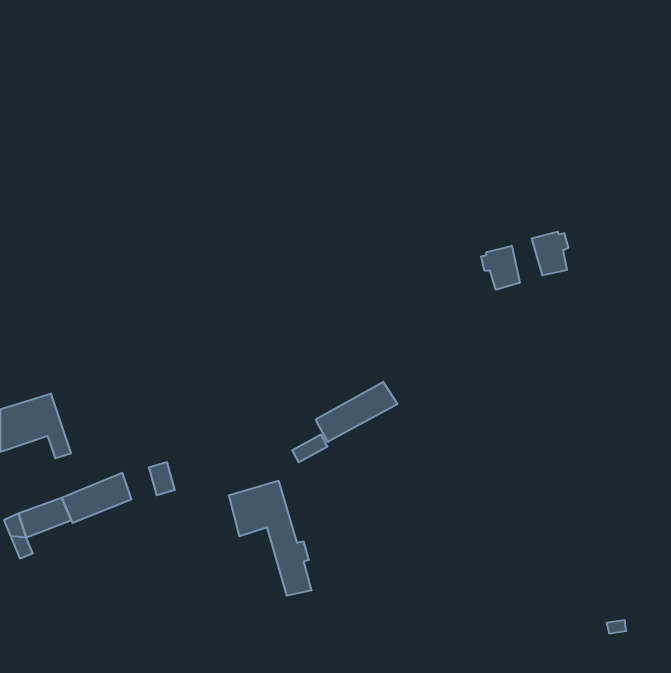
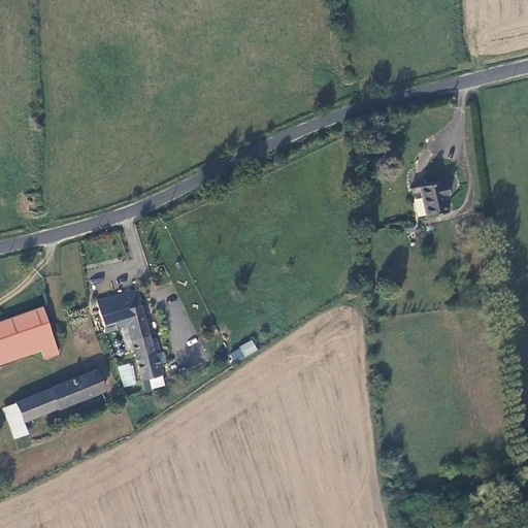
building: [481,246,520,290] -> none
building: [316,382,397,442] -> none
building: [229,481,312,596] -> [97,290,162,380]

